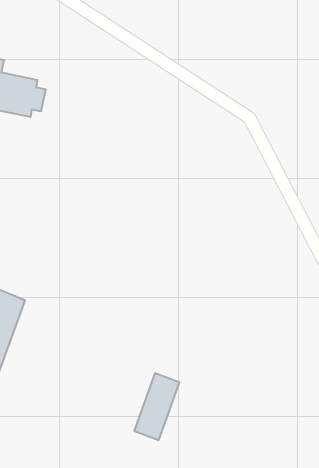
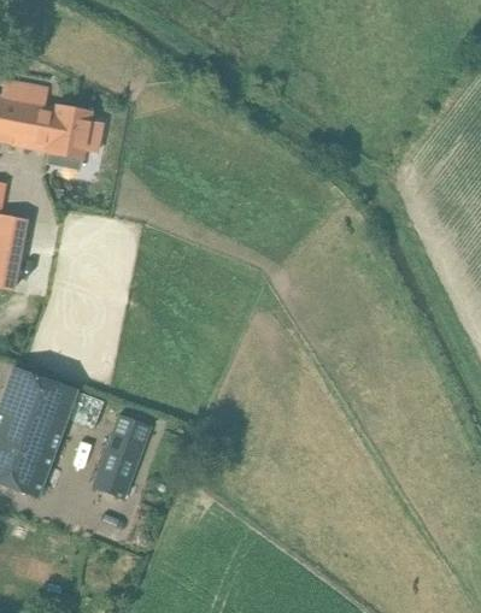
building: [134,373,180,440] -> [94,413,152,499]

